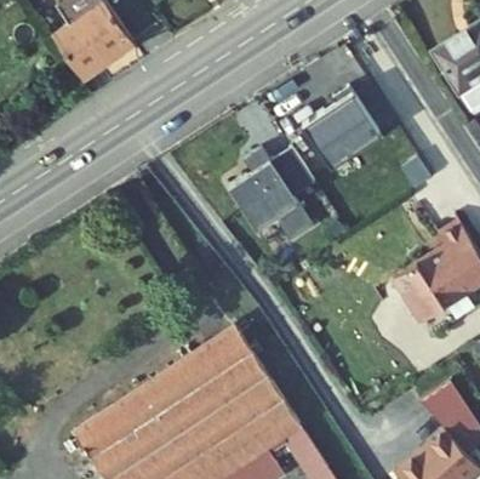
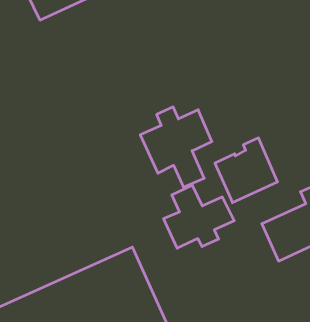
building: [302,93,379,175] -> [215,138,278,203]
building: none -> [164,185,234,248]

